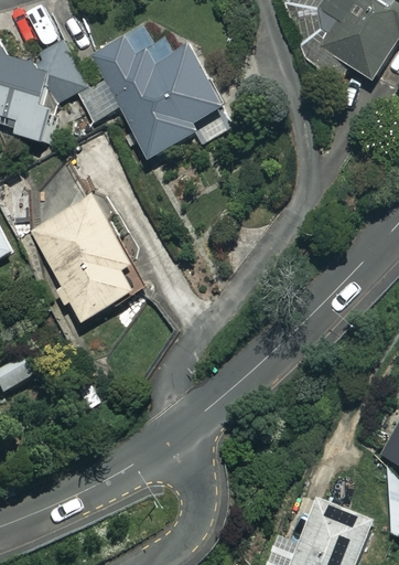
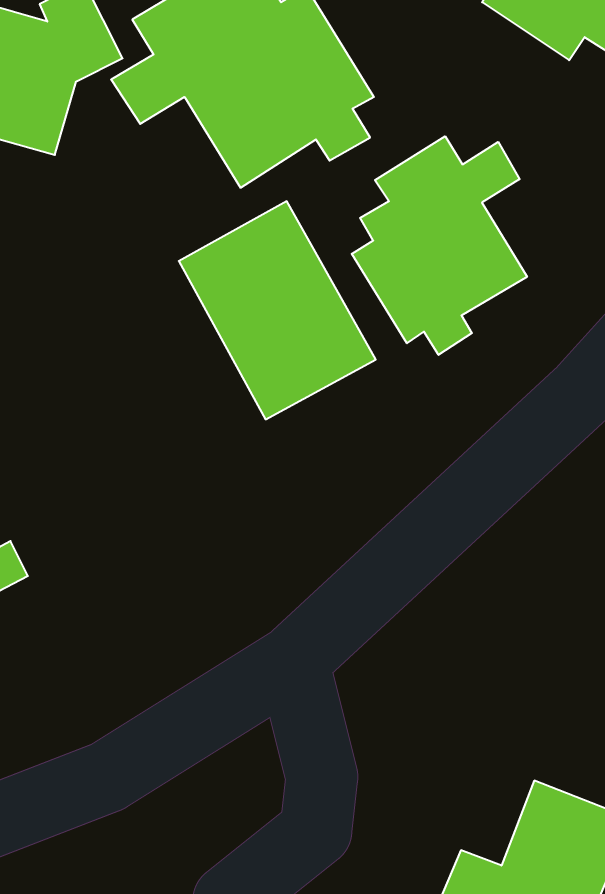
building: none -> [352,136,527,355]
building: [31,194,143,319] -> [179,201,376,419]

